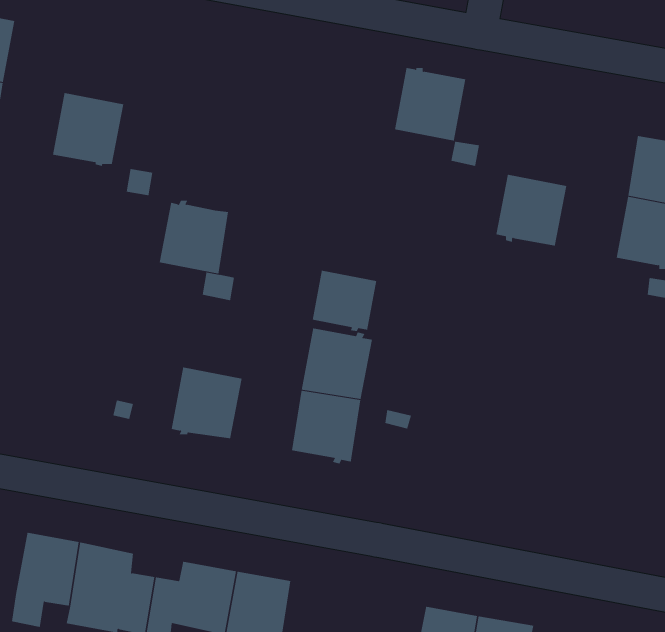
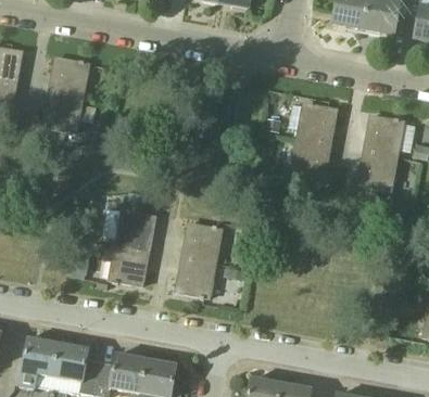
building: none -> [49,56,89,97]
building: [394,67,466,141] -> [296,101,337,142]
building: [159,200,229,274] -> [115,208,154,249]
building: [312,270,377,332] -> none

